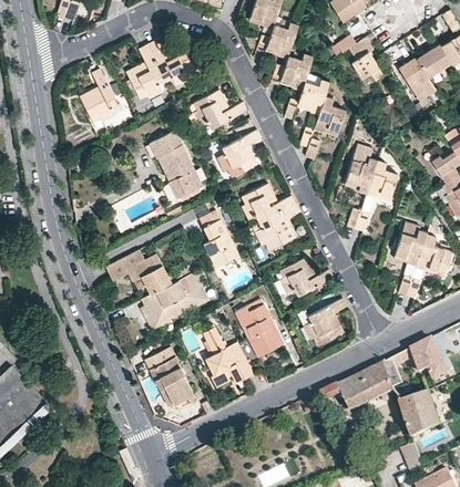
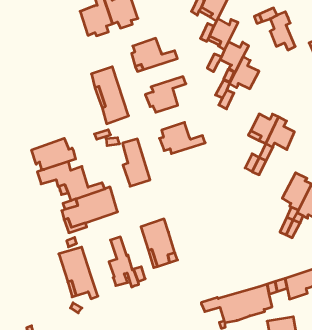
building: [79,69,117,122] -> none
building: [254,203,299,250] -> none
building: none -> [32,138,76,170]
building: [279,257,333,294] -> none
building: [304,297,347,344] -> none

